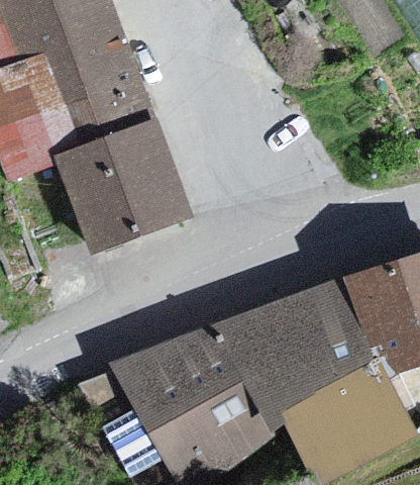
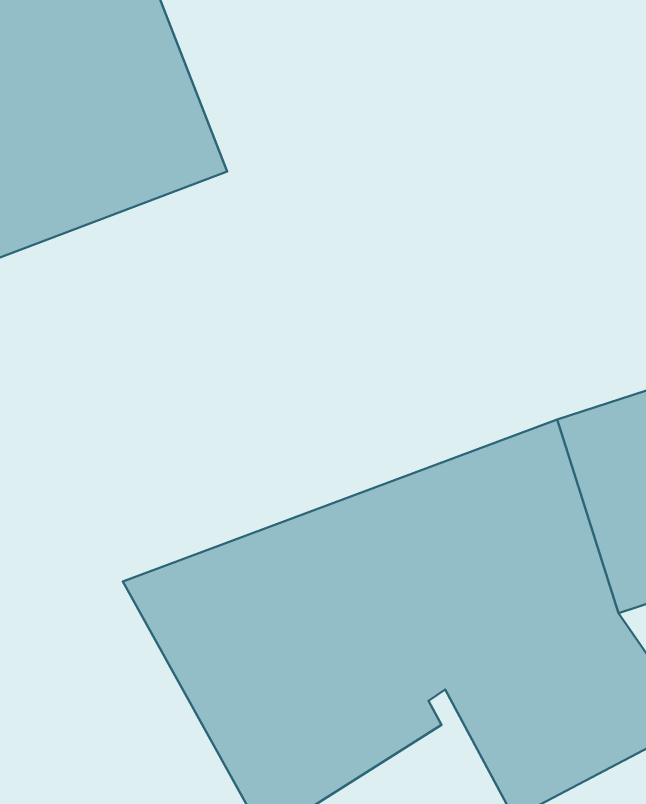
building: [67,136,199,268] -> none

